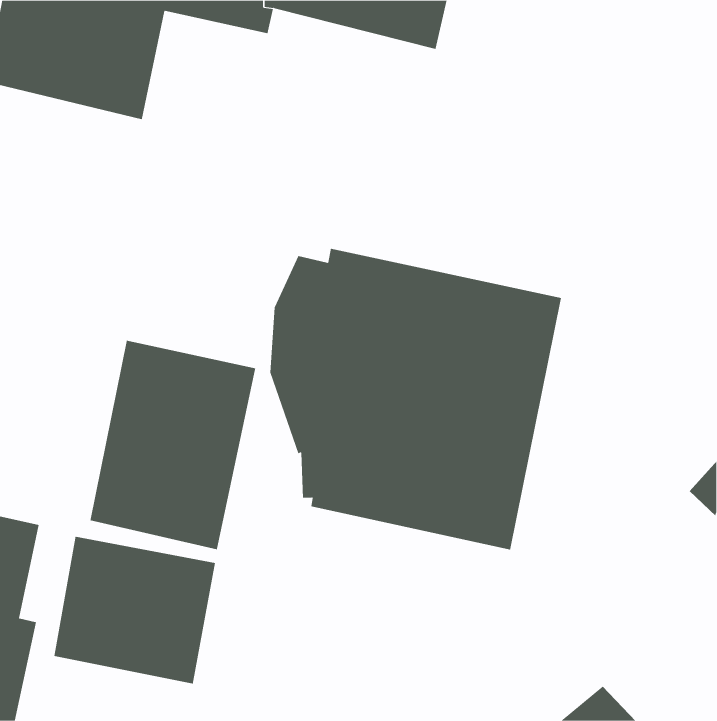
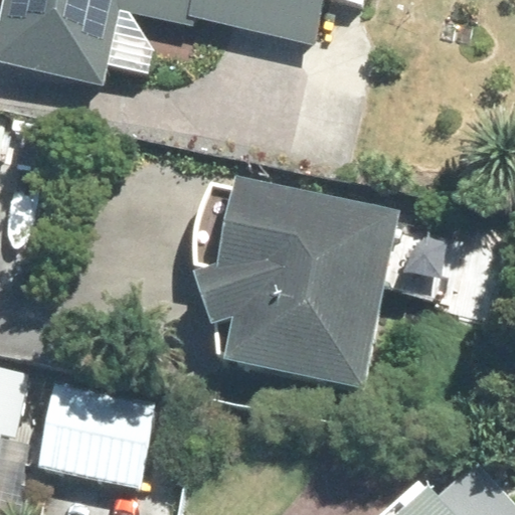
building: [90,340,256,550] -> none

